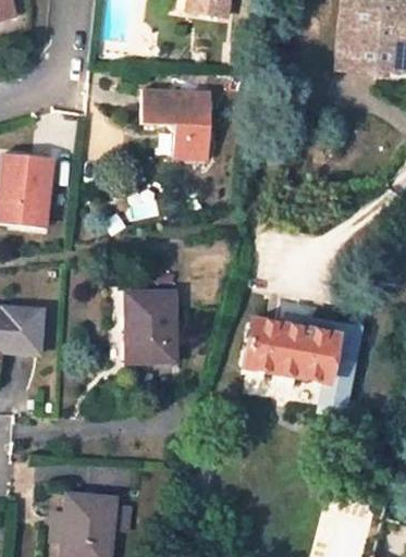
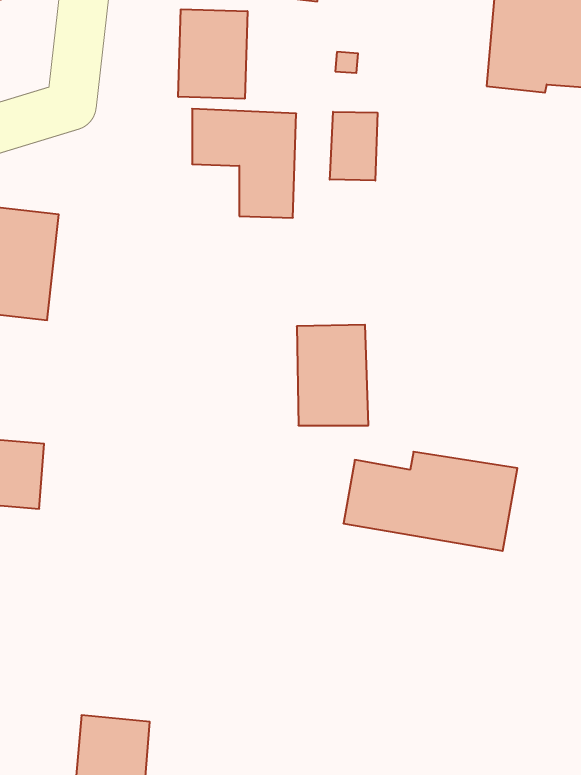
building: none -> [178,9,247,99]
building: none -> [330,112,377,181]
building: [127,293,175,360] -> [297,325,368,425]

